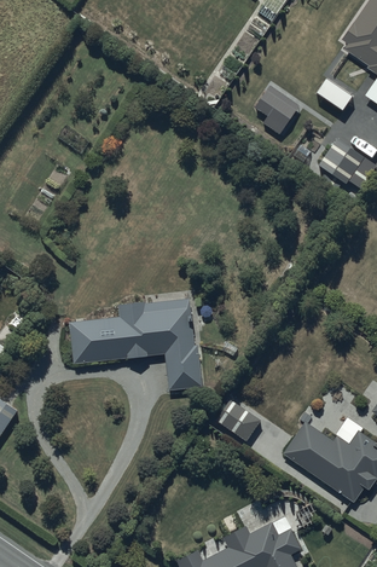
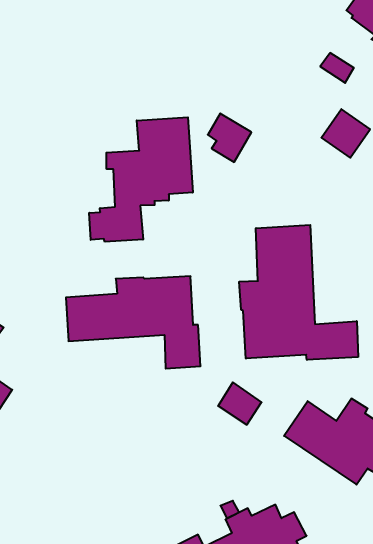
building: [256,88,298,135] -> [208,113,251,162]
building: none -> [89,117,193,242]
building: none -> [239,225,358,360]

